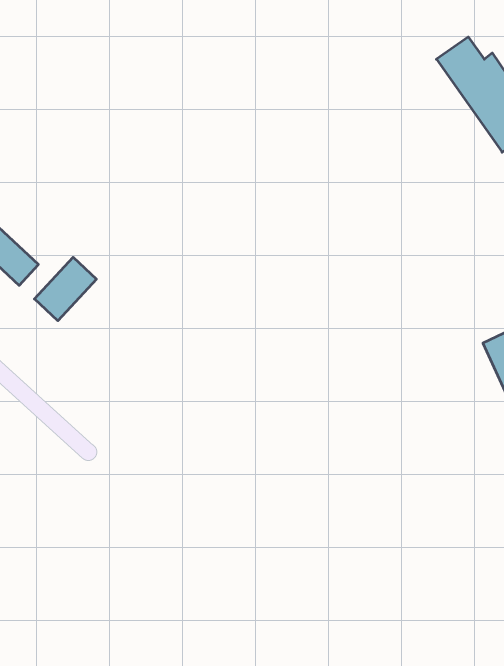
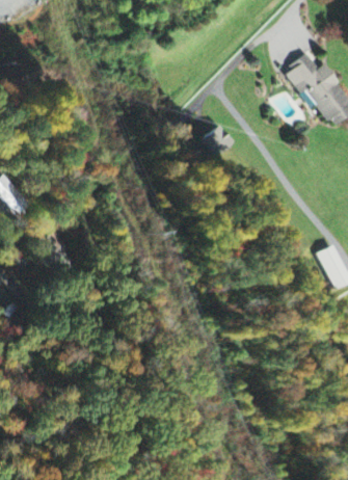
building: [34,257,96,321] -> none

